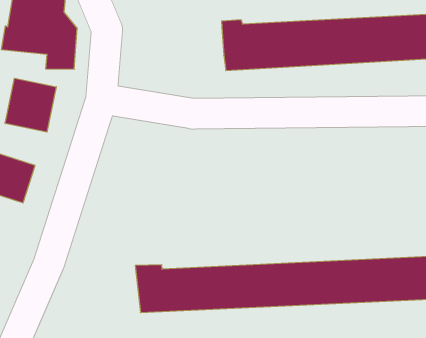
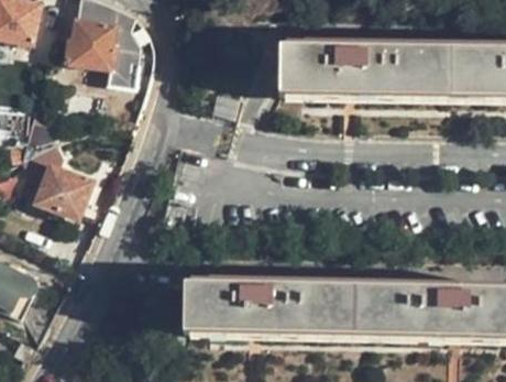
building: [5,78,56,132] -> none

